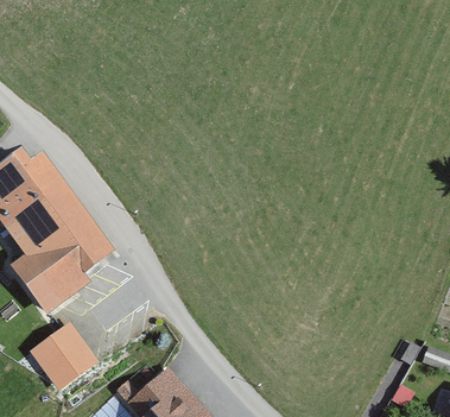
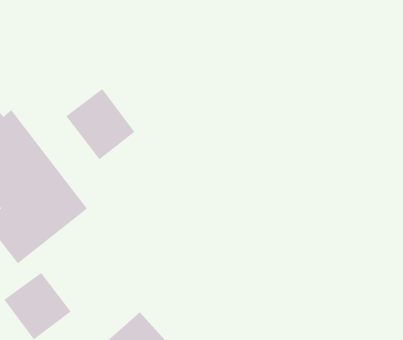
building: none -> [65,88,135,160]

